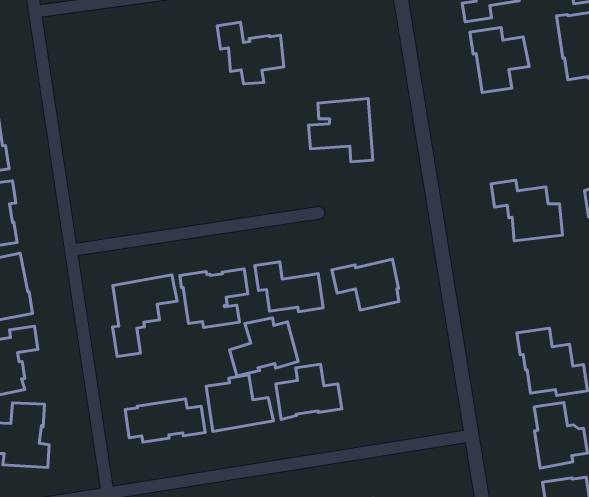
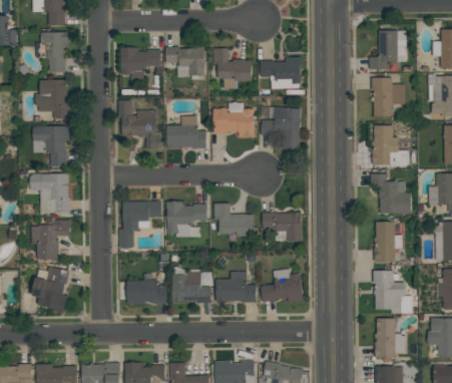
building: none -> [261,56,301,88]
building: none -> [166,46,205,76]
building: none -> [122,47,161,80]
building: none -> [213,101,256,136]
building: none -> [372,125,409,164]
building: none -> [118,100,162,148]
building: none -> [167,115,206,147]
building: none -> [374,222,402,262]
building: [230,318,298,376] -> [261,269,303,302]

